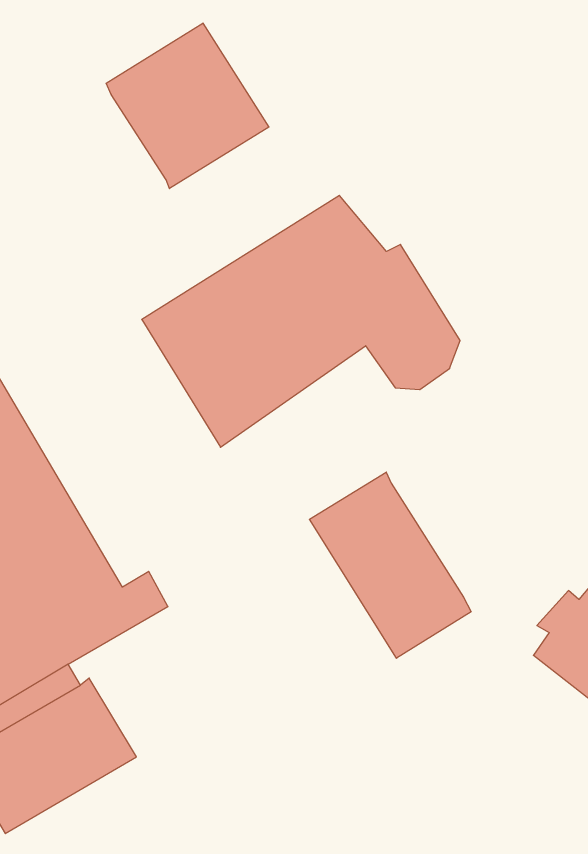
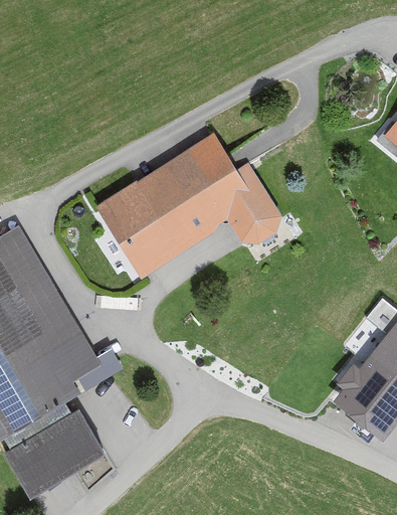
building: [106,23,269,189] -> none
building: [309,472,471,658] -> none

